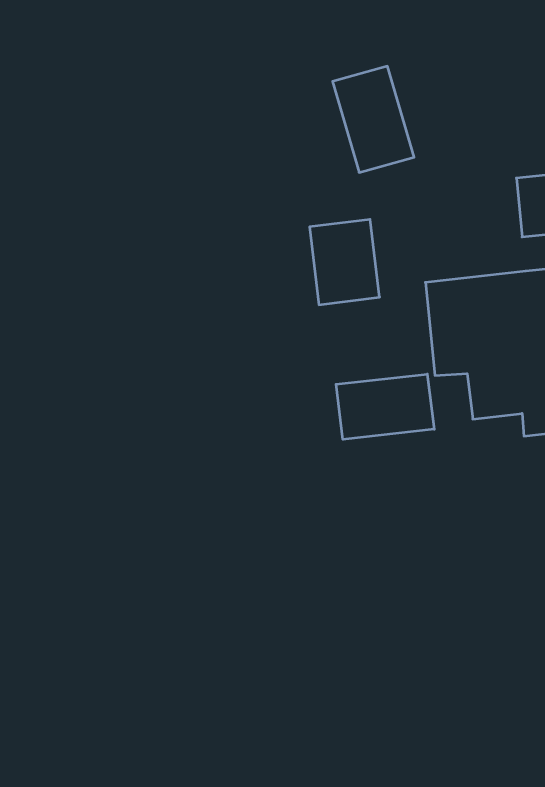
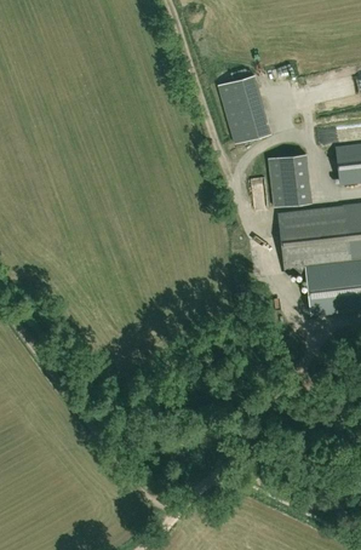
building: [310,219,380,305] -> [267,153,311,207]
building: [336,374,434,439] -> none

